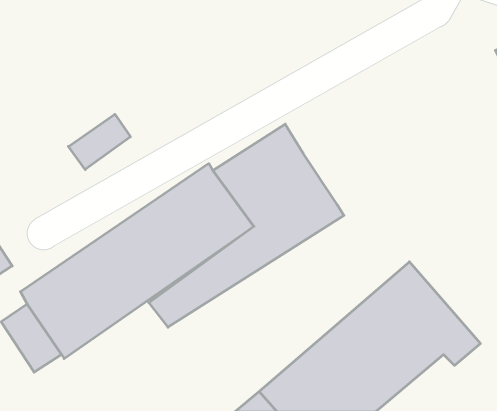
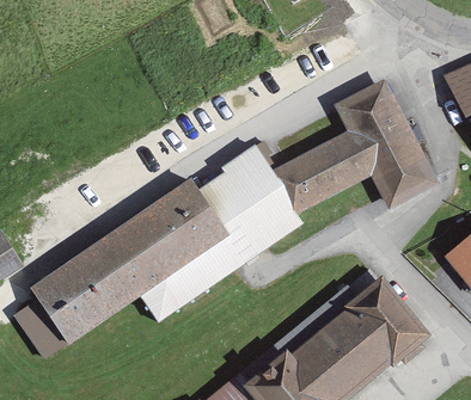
building: none -> [277,75,438,213]
building: [68,114,130,170] -> none

